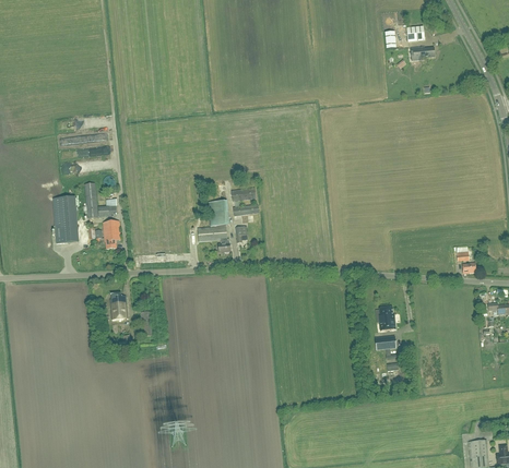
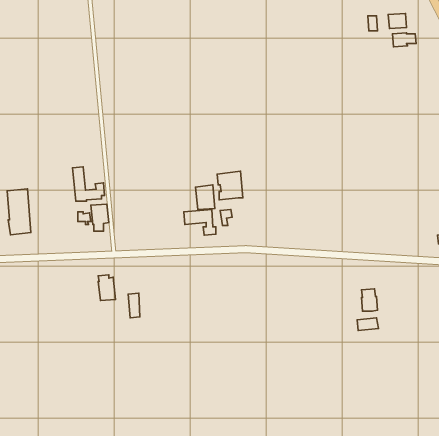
building: [54,196,78,243] -> [7,189,31,235]

